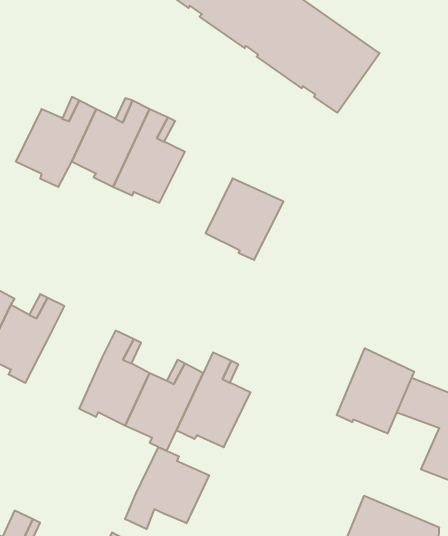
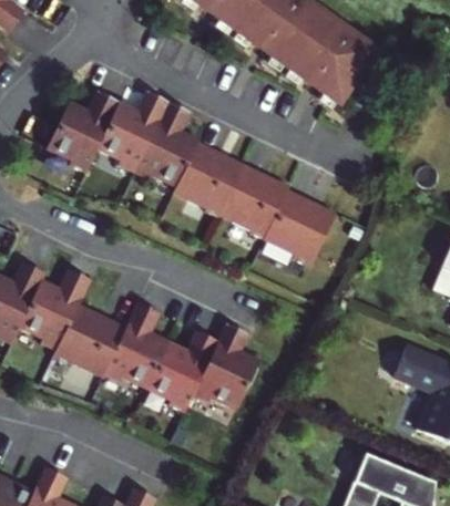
building: none -> [174,142,244,217]
building: none -> [264,189,337,266]
building: none -> [52,304,125,378]
building: [337,348,414,434] -> none
building: [125,447,209,529] -> none

